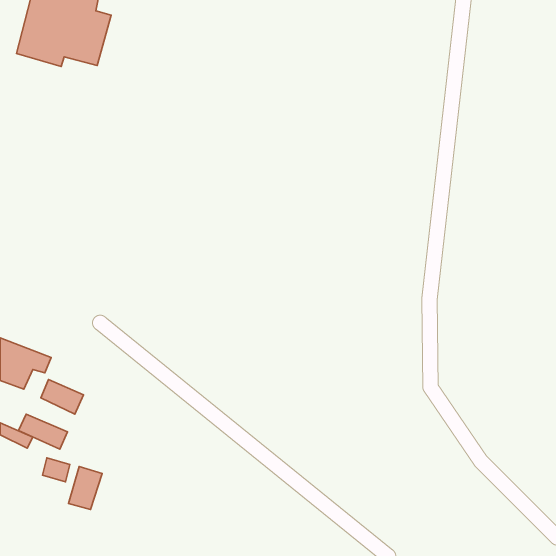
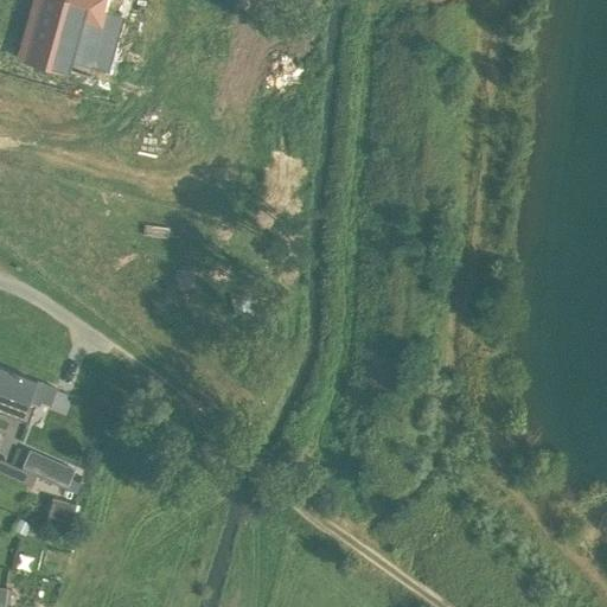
building: [41,379,83,414] -> none
building: [68,467,102,510] -> none

